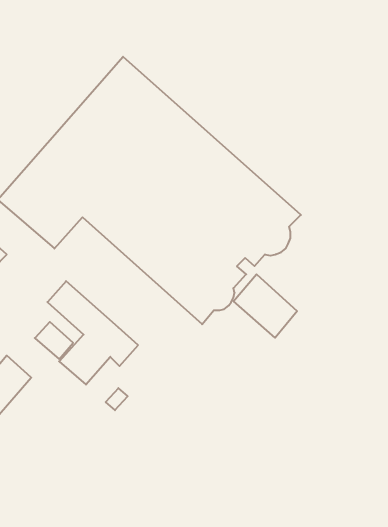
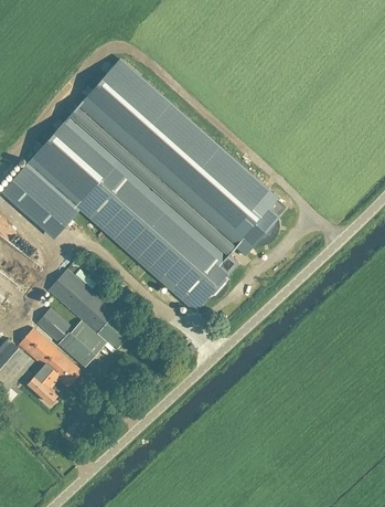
building: [233,274,297,338] -> none
building: none -> [18,328,81,403]

